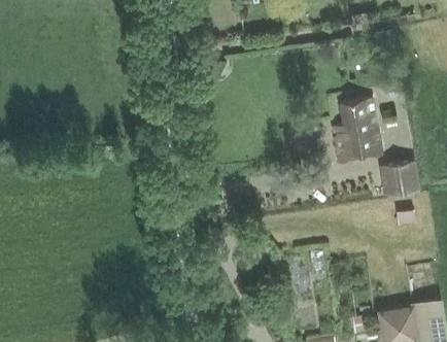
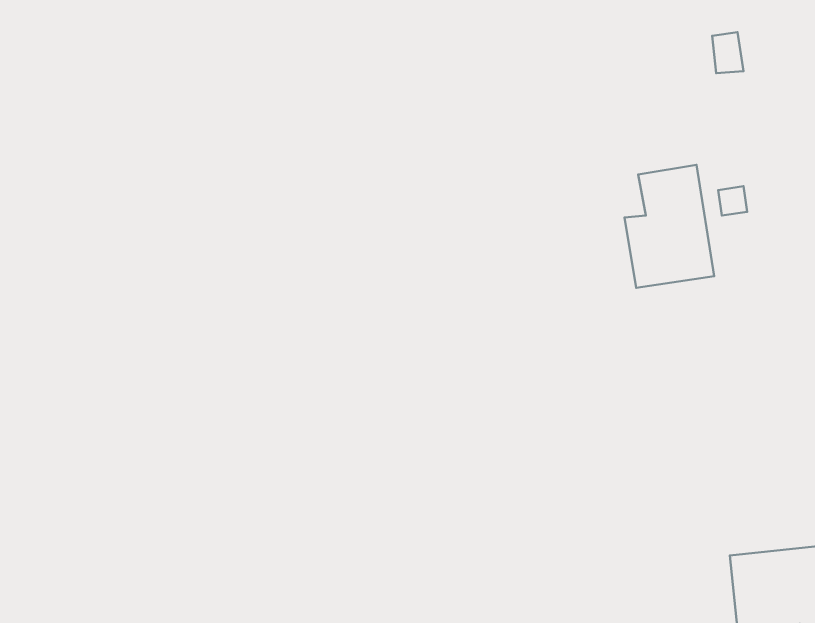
building: [380,161,417,196] -> none

